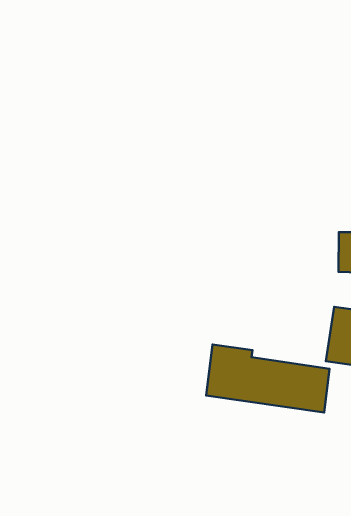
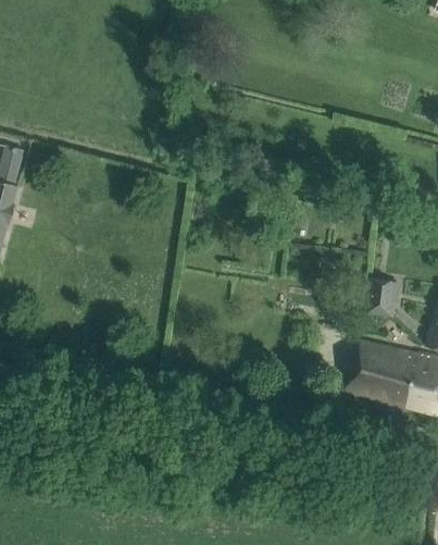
building: [206,345,330,412] -> none

